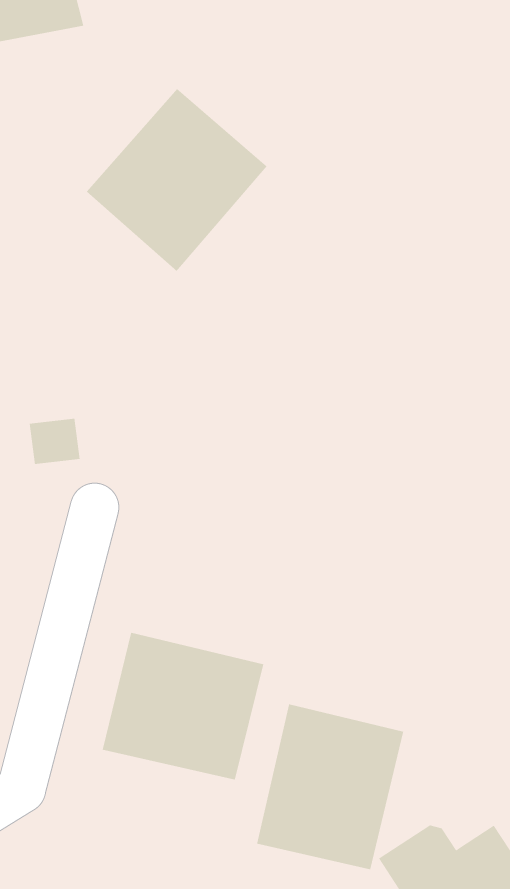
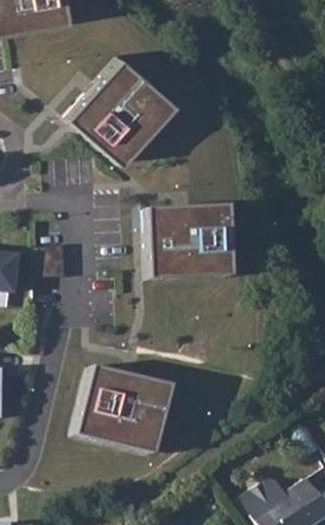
building: none -> [149,205,230,280]
building: [256,704,404,870] -> none

